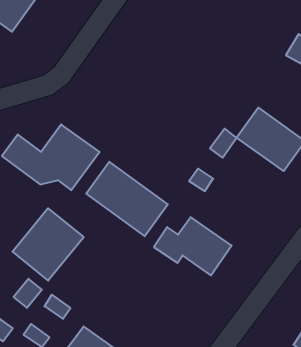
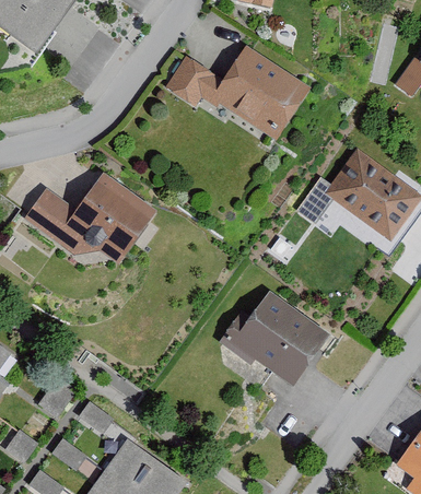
building: none -> [169,52,302,129]
building: [86,162,168,236] -> none
building: [12,208,84,281] -> none

